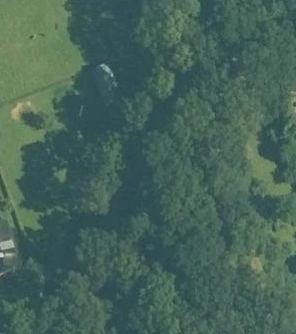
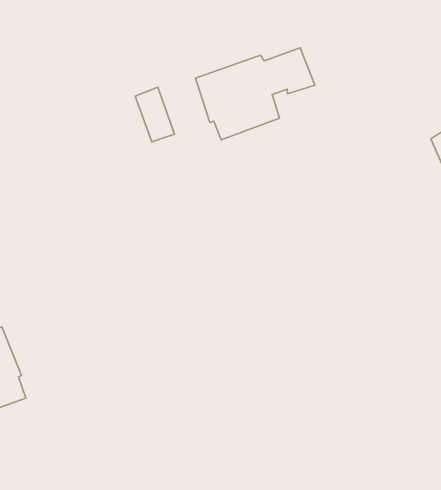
building: none -> [196,48,315,140]

